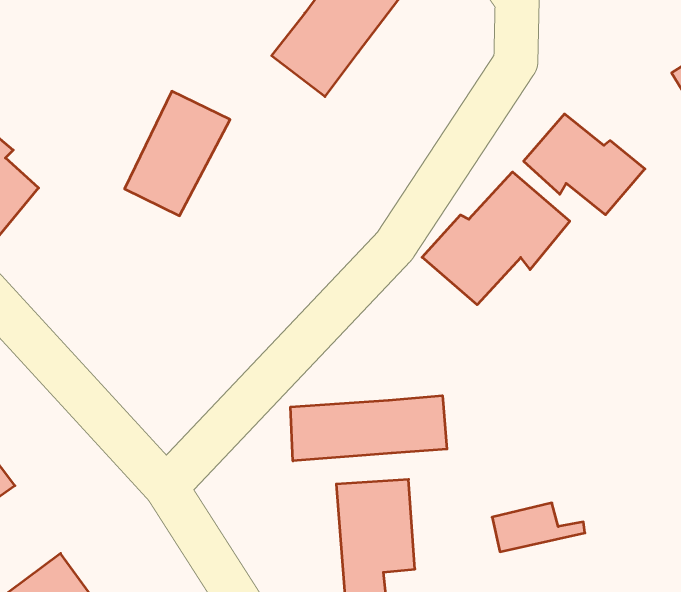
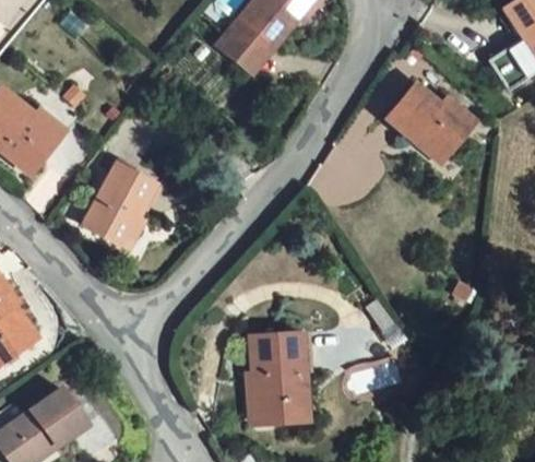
building: [125,91,230,216] -> [81,161,154,247]
building: [422,172,570,305] -> none
building: [291,396,447,461] -> none

